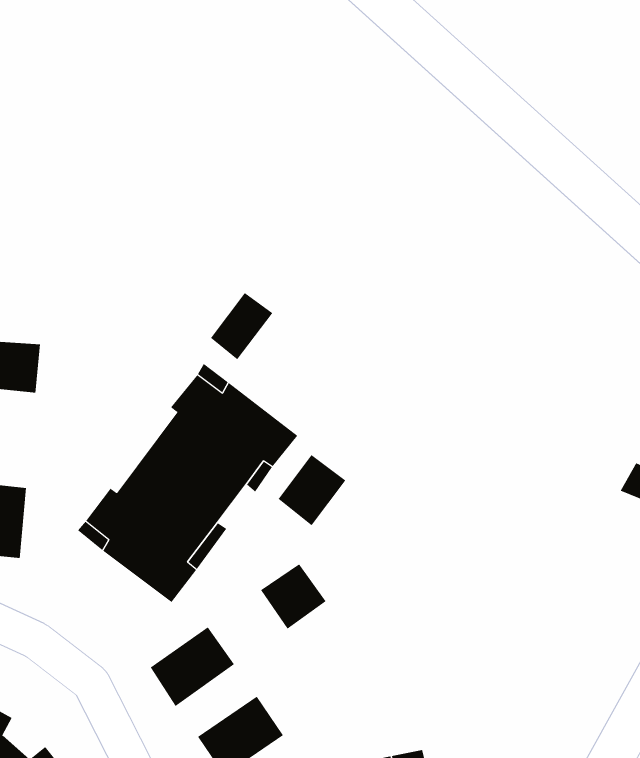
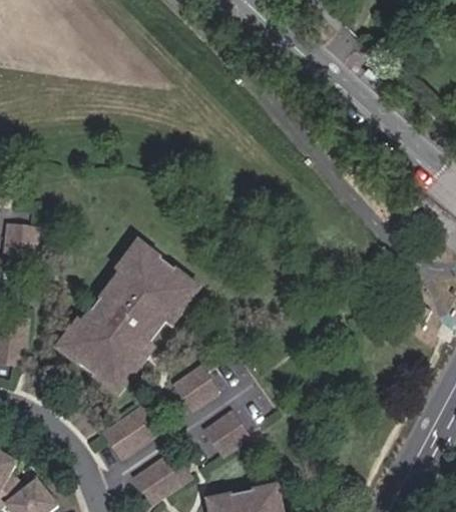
building: [210,292,273,360] -> none
building: [278,454,346,526] -> none
building: none -> [202,411,246,453]

